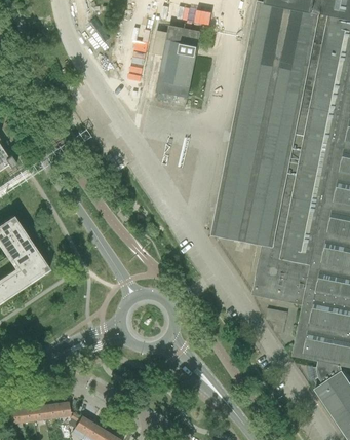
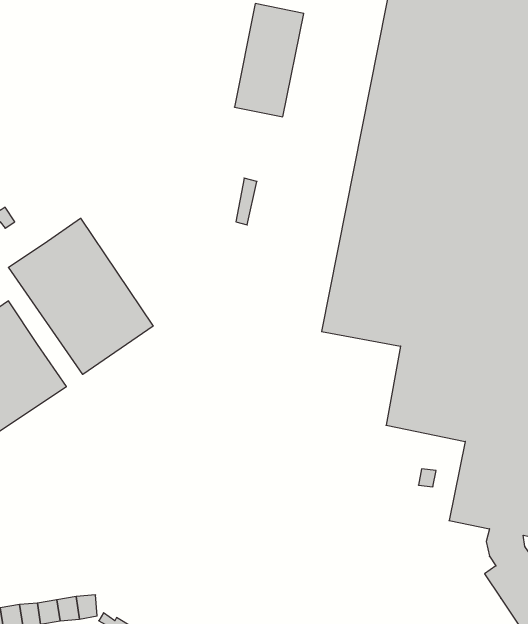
building: none -> [8,218,153,374]

